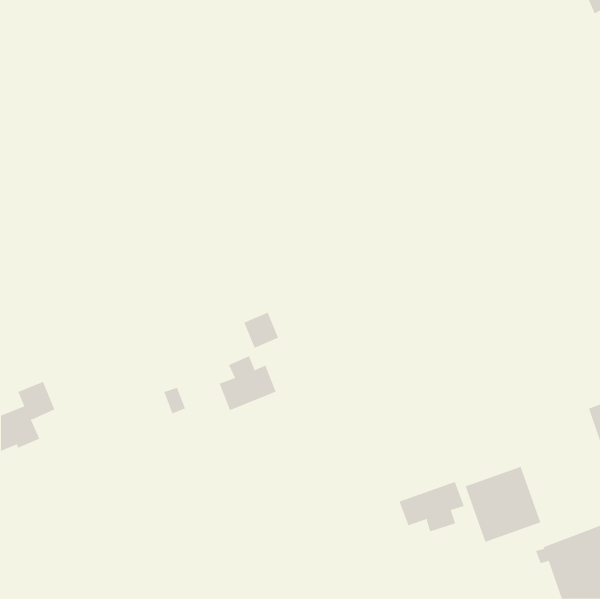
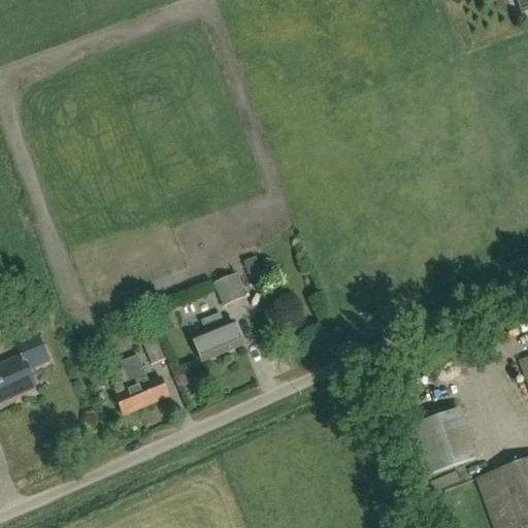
building: none -> [117,355,168,412]
building: [399,481,464,532] -> none

